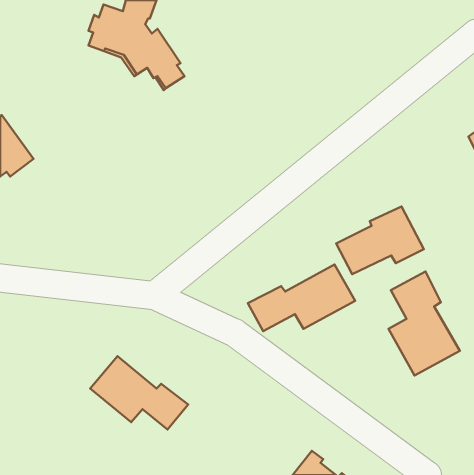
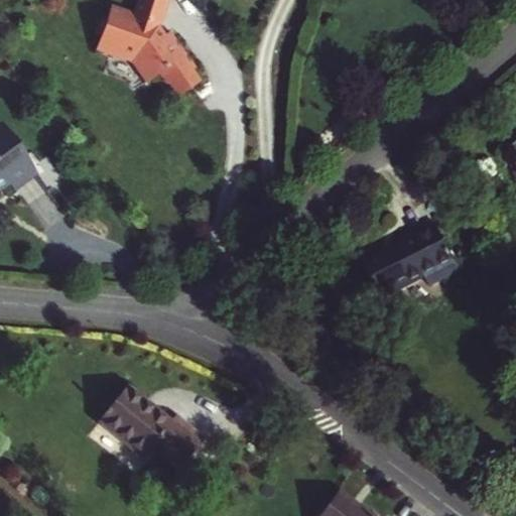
building: [248,264,355,331] -> none
building: [388,271,460,376] -> none

